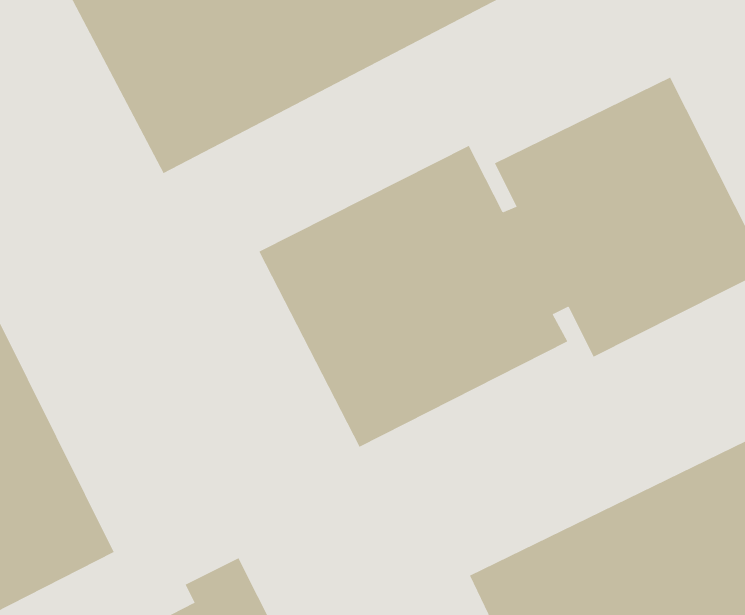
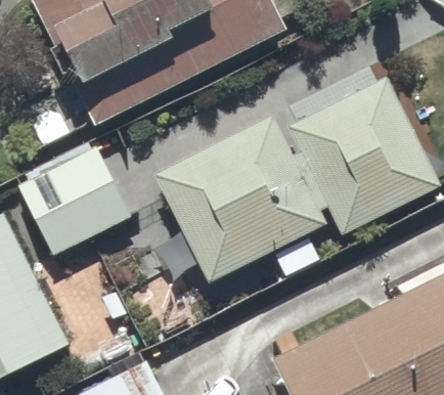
building: none -> [16,144,130,255]

